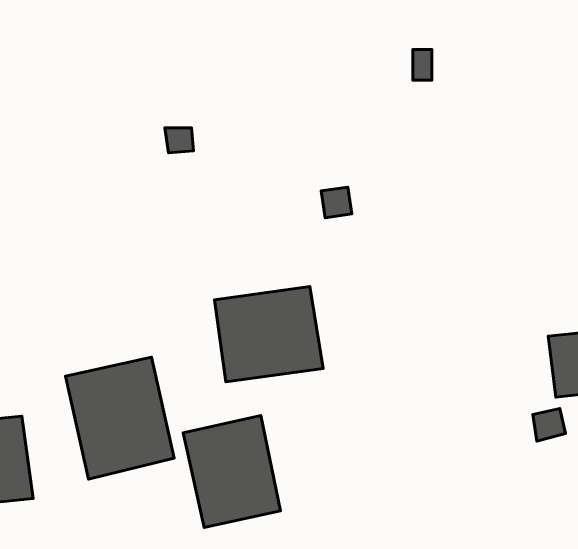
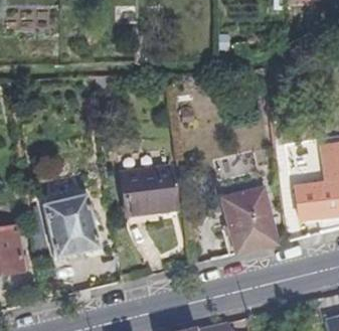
building: none -> [221,188,274,254]
building: [183,415,281,528] -> none

